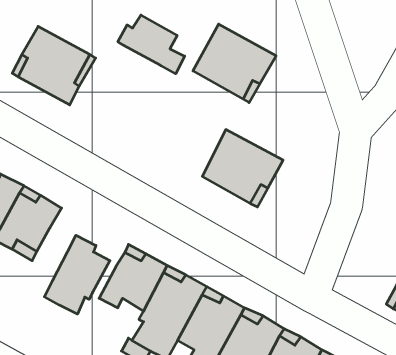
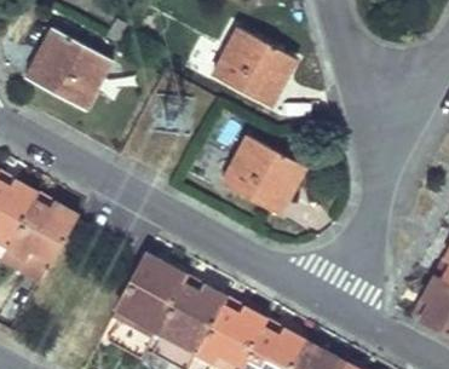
building: [118,15,185,74] -> none
building: [44,235,110,314] -> none

